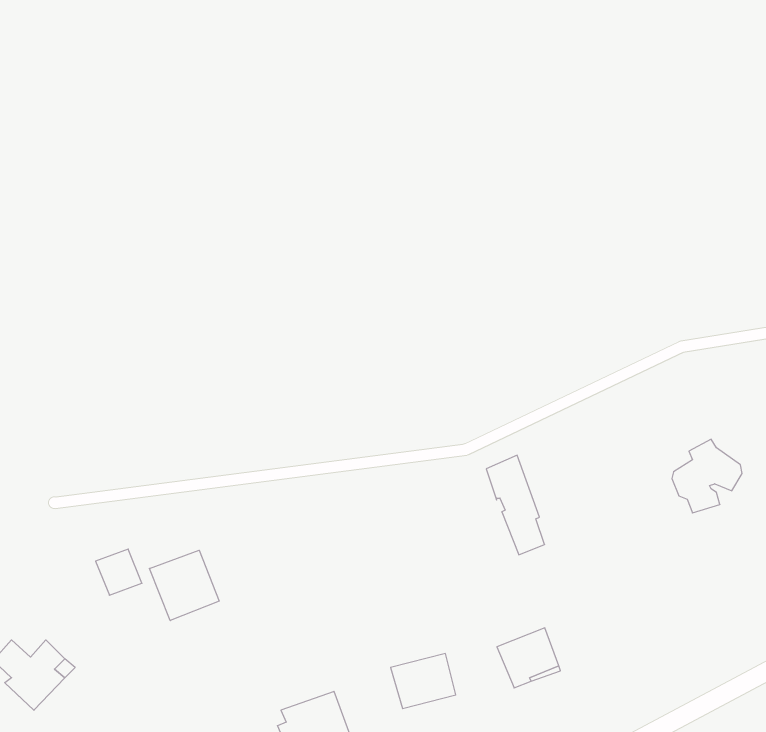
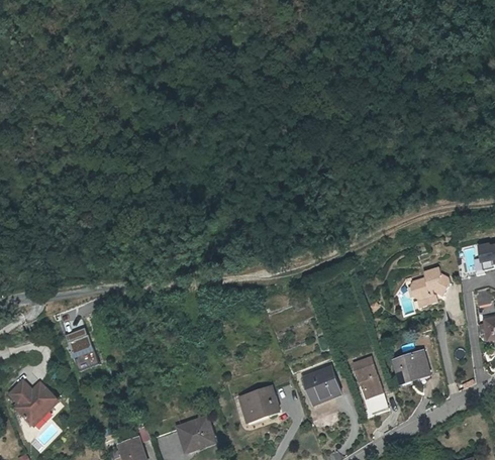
building: [486,455,545,555] -> [351,357,385,416]
building: [149,550,219,621] -> none
building: none -> [391,351,426,384]

